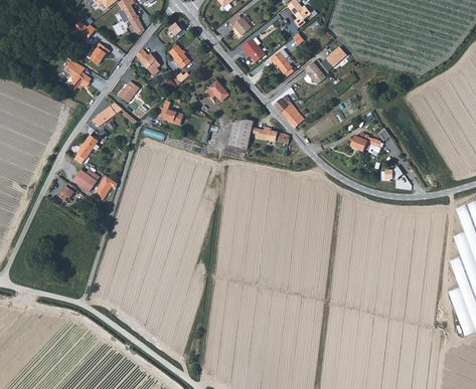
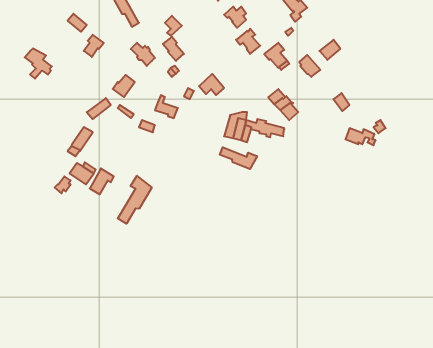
building: [63,60,91,90] -> [25,48,52,79]
building: none -> [220,147,257,169]
building: none -> [118,176,152,224]

